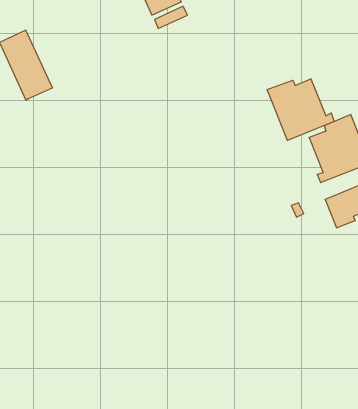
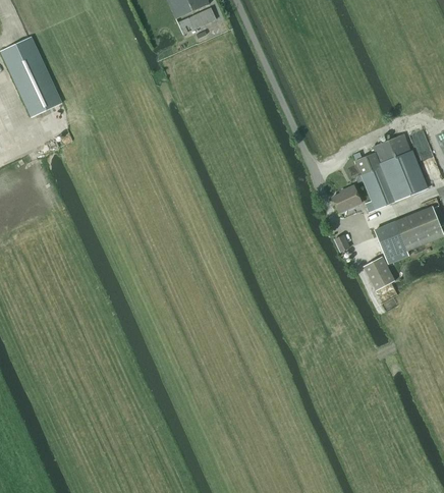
building: [267,79,334,141] -> none
building: none -> [332,184,362,212]
building: none -> [363,255,394,289]

